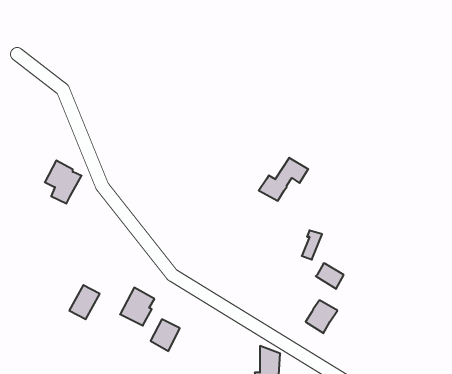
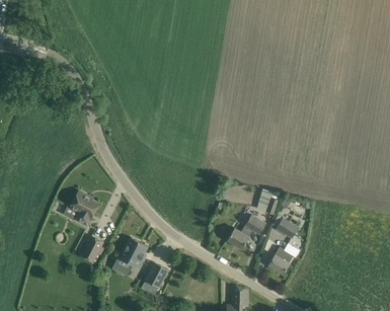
building: [259,158,308,201] -> [226,215,265,249]
building: [45,160,82,204] -> [69,191,98,226]

